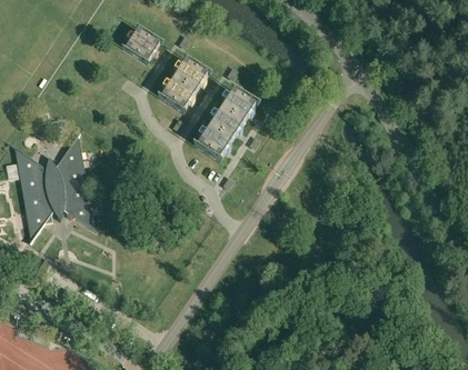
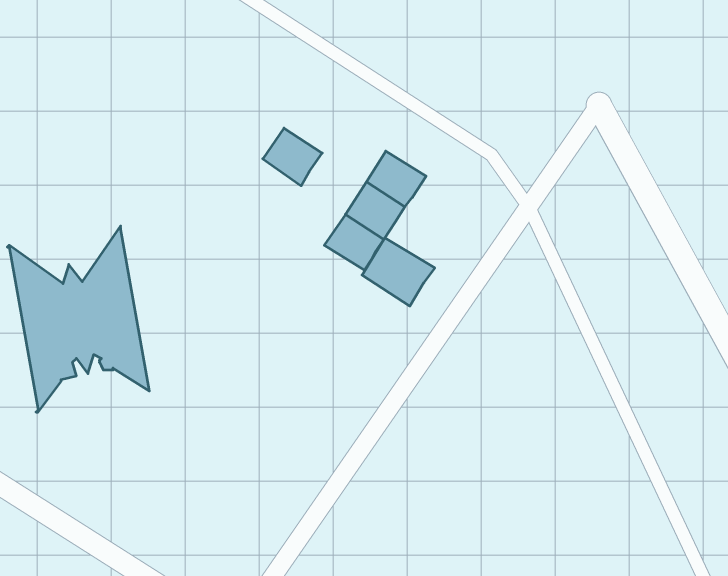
building: [126,28,160,60] -> none
building: [173,59,208,91] -> none
building: none -> [362,238,435,306]

